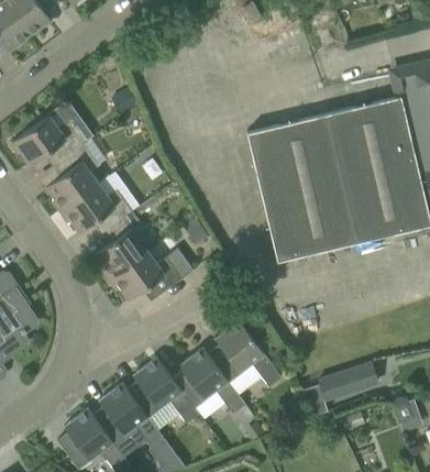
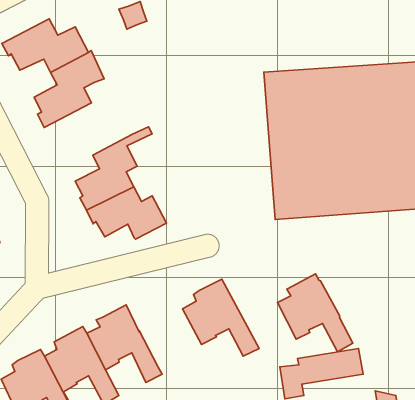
building: [59,171,139,232] -> none
building: [173,347,245,413] -> [277,274,353,352]

